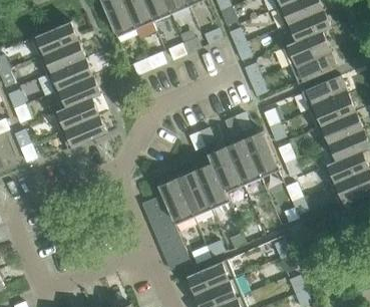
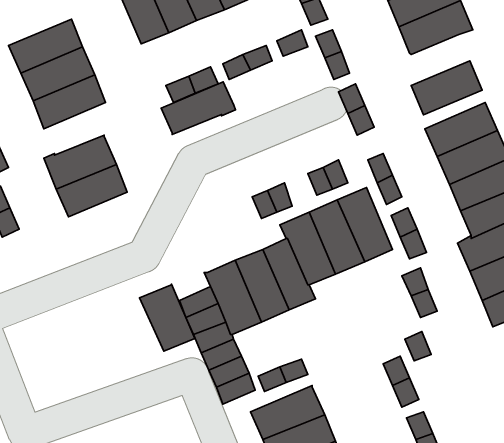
building: [284,30,330,63] -> none
building: [53,74,101,108] -> [161,82,235,134]
building: none -> [140,284,195,351]

